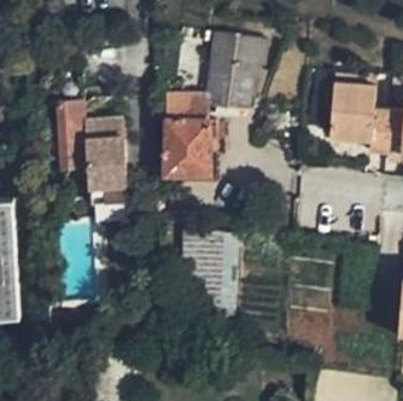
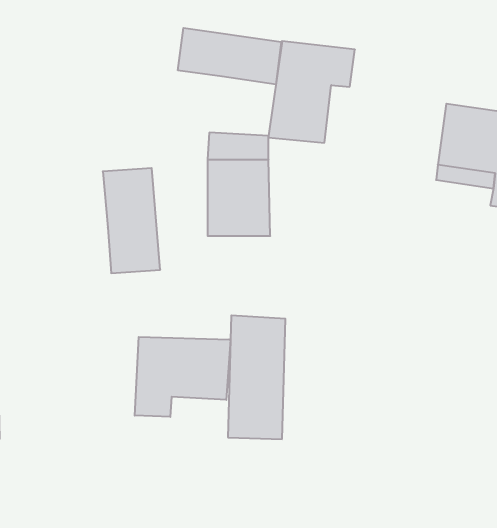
building: none -> [178,28,281,84]
building: [57,99,92,168] -> none
building: none -> [135,337,231,417]

